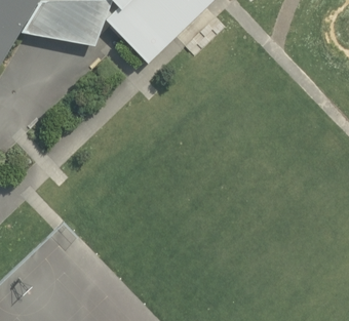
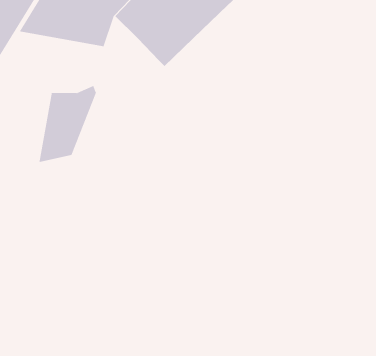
building: none -> [39,85,97,163]

